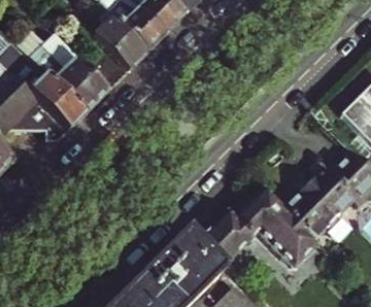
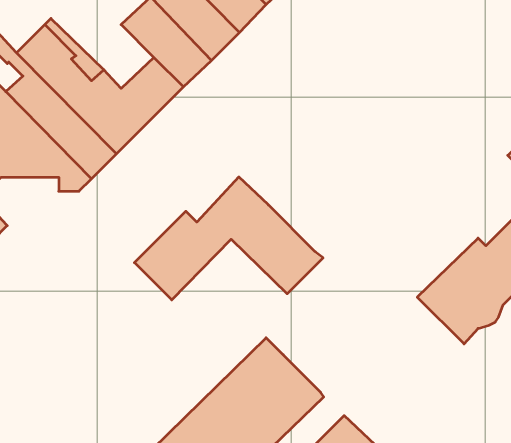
building: [194,190,318,271] -> [134,177,323,300]

